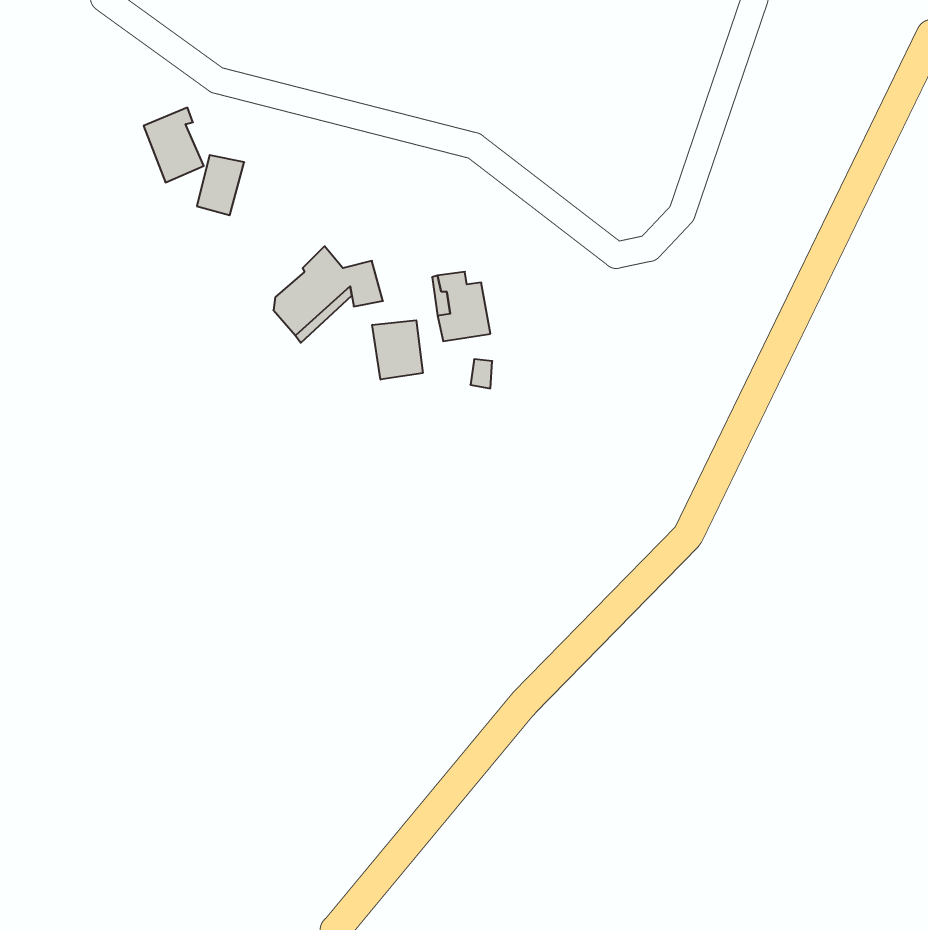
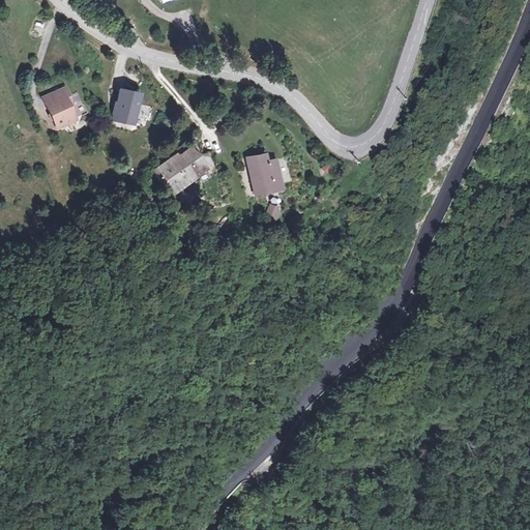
building: [144,108,204,182] -> [43,86,78,128]
building: [372,320,423,380] -> none

